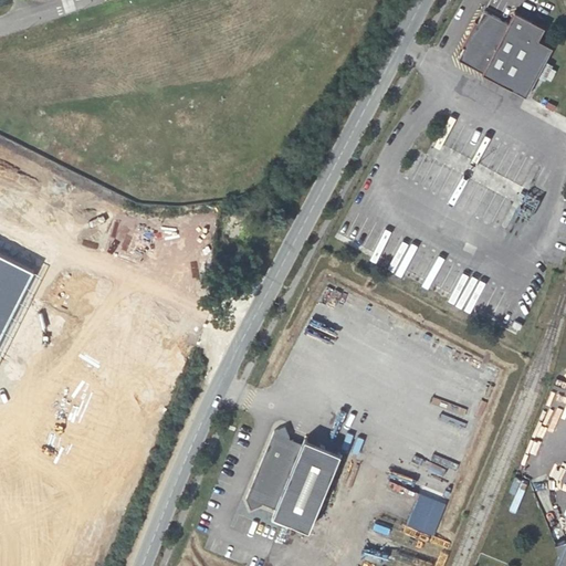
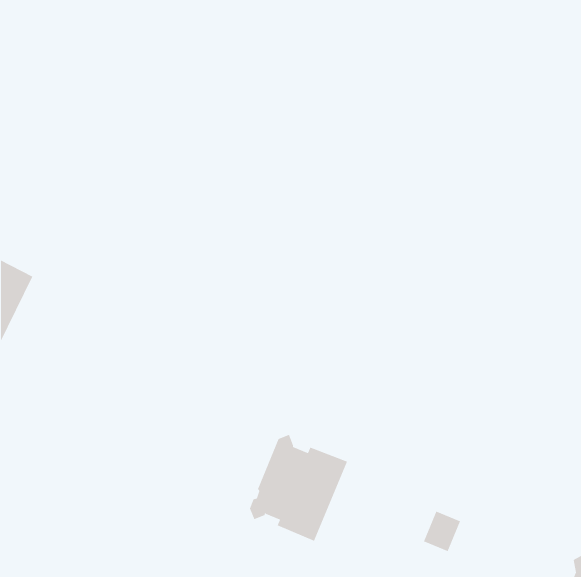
building: [460,17,555,102] -> none

